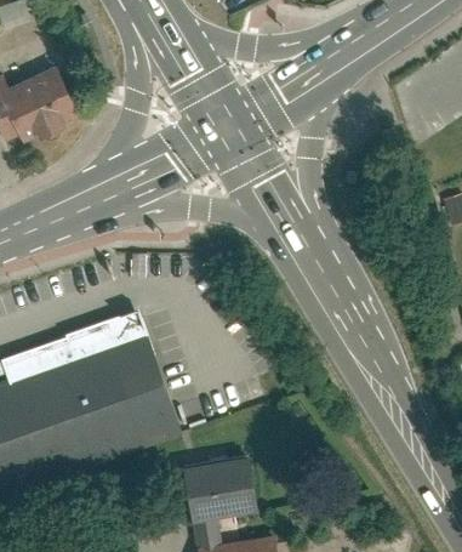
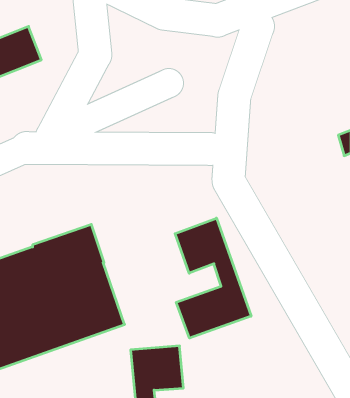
building: none -> [175,218,251,338]

